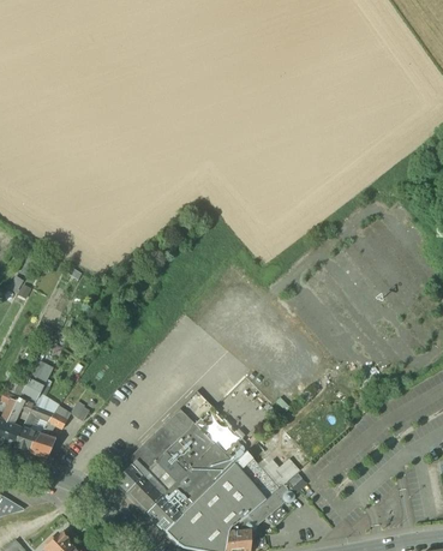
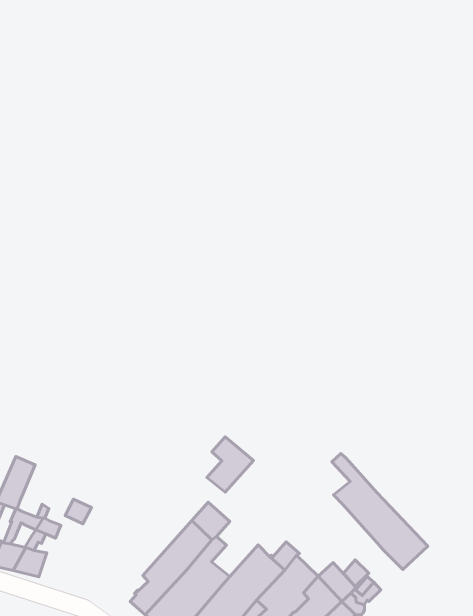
building: none -> [332,454,428,569]
building: [179,424,215,466] -> [207,437,253,492]

